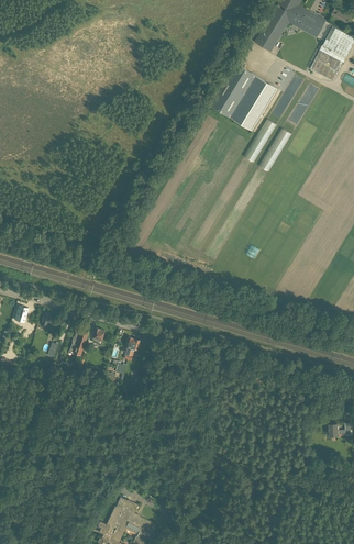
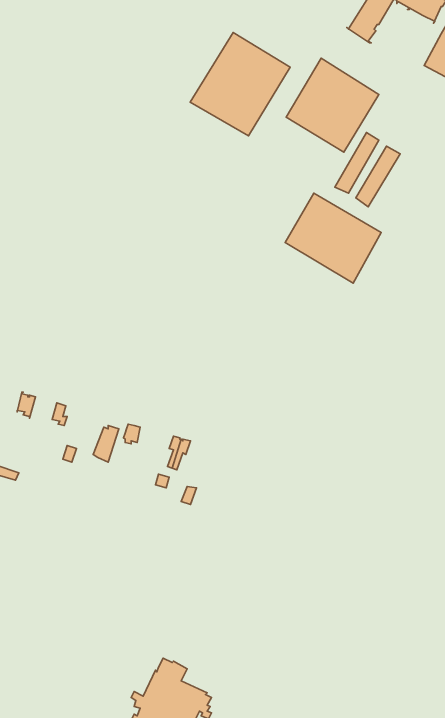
building: none -> [190,33,290,136]
building: none -> [285,193,381,283]

